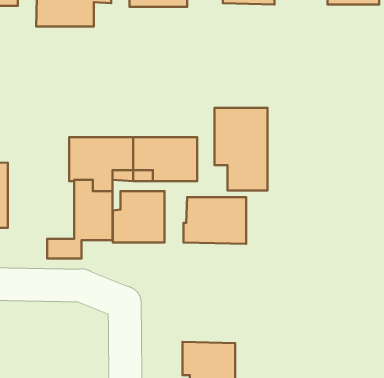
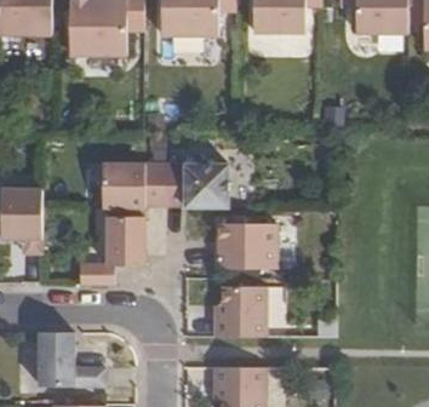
building: [214,108,268,191] -> none
building: [113,191,165,243] -> [214,286,265,337]
building: none -> [39,332,105,386]

